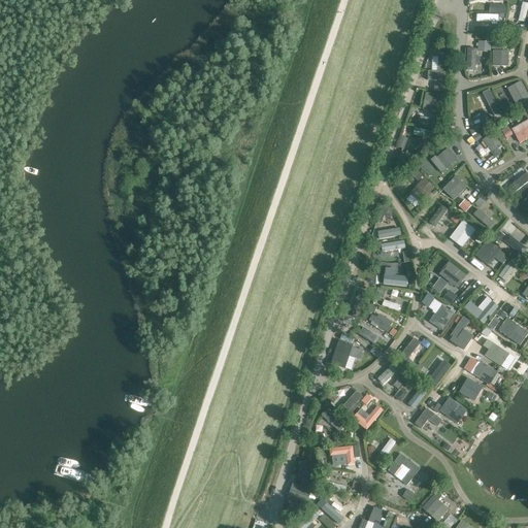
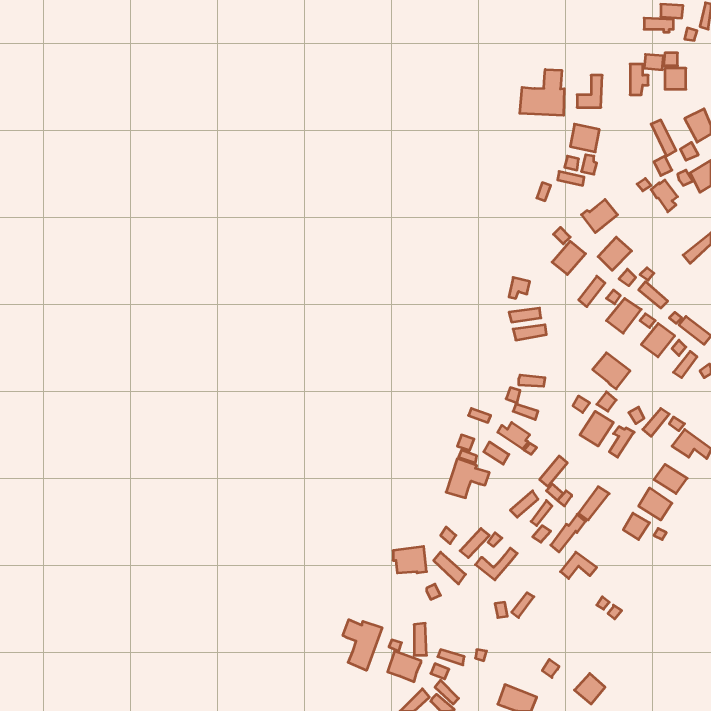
building: none -> [520,69,564,115]
building: [432,397,466,423] -> none
building: [329,446,354,465] -> [393,546,427,573]
building: [387,454,419,485] -> none
building: none -> [343,620,382,670]

